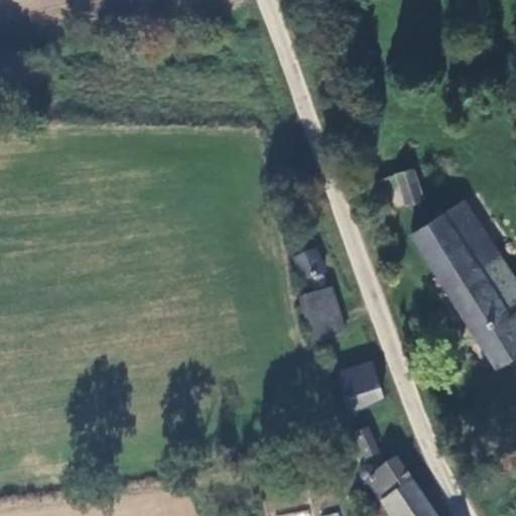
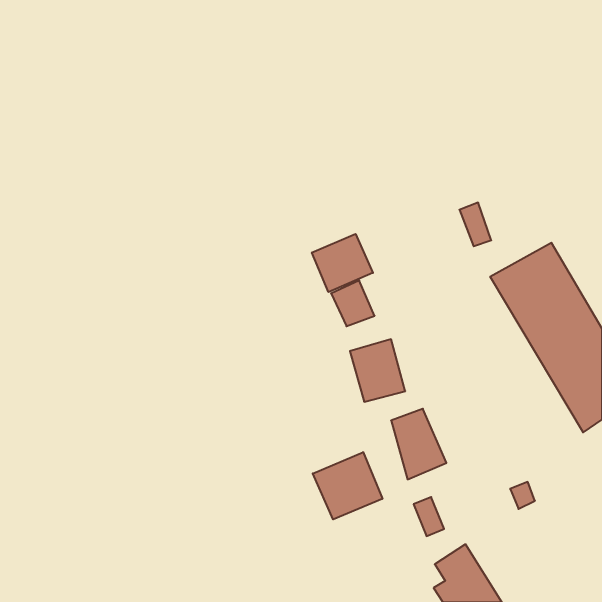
building: none -> [312,234,373,292]
building: none -> [313,452,382,519]

